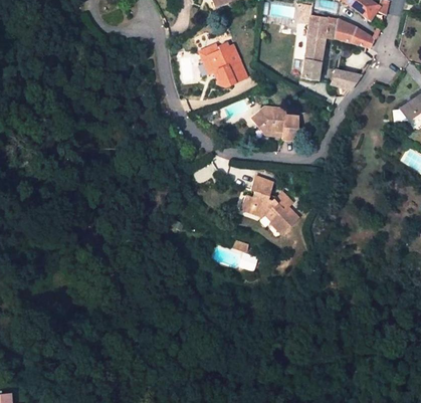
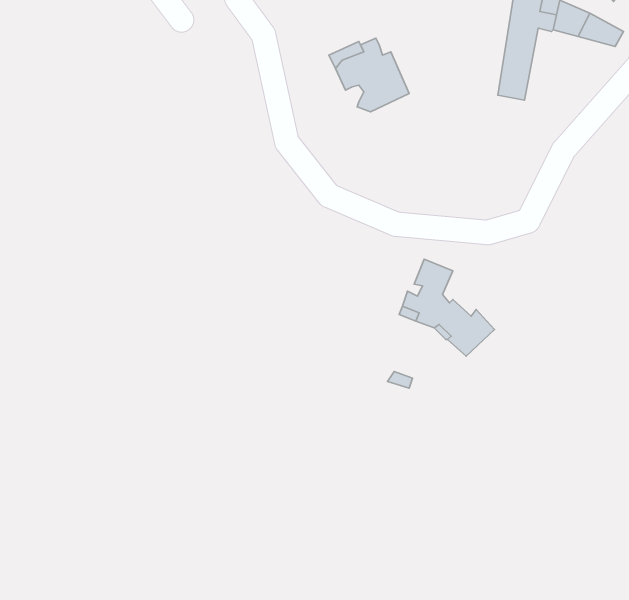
building: [331,69,361,89] -> none
building: [252,107,299,140] -> none

